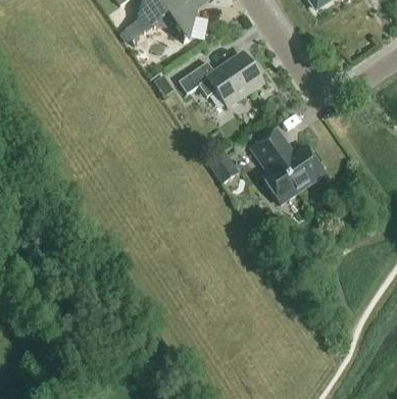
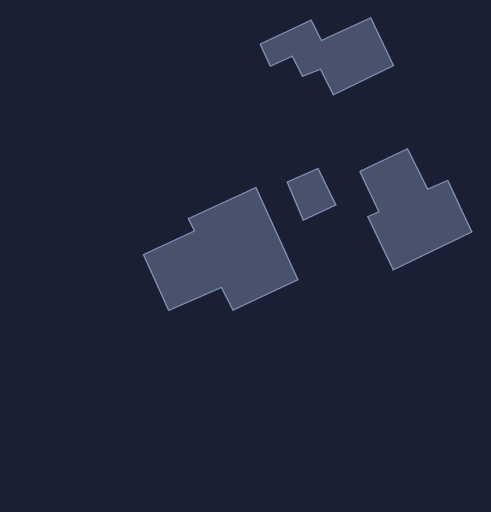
building: none -> [144,187,298,310]

